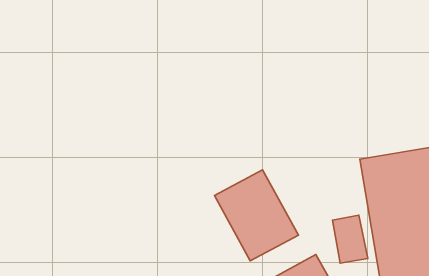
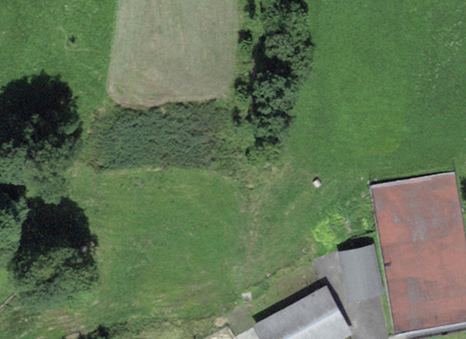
building: [214,170,298,261] -> none

